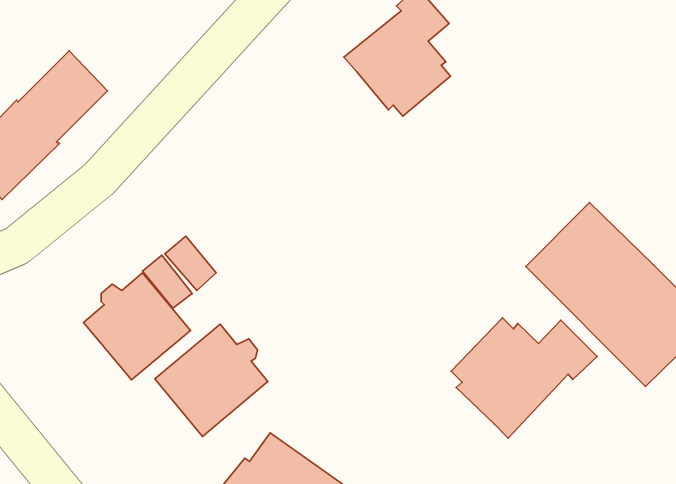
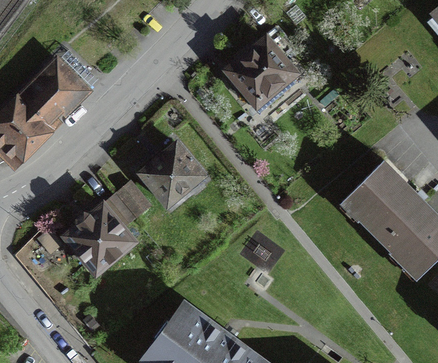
building: none -> [140,145,201,205]
building: [451,318,597,438] -> none
building: [155,324,268,436] -> none

